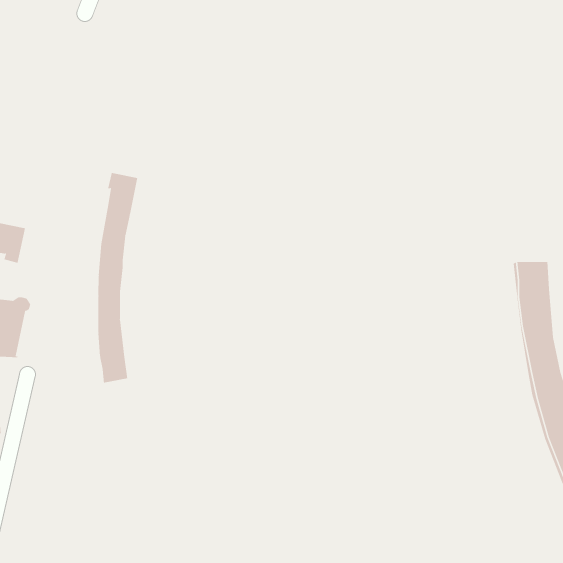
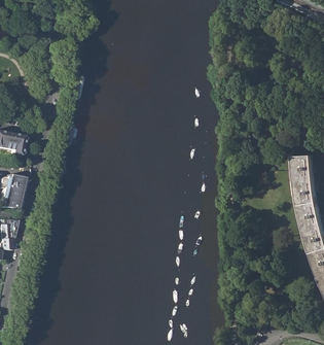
building: [98,172,138,384] -> none

